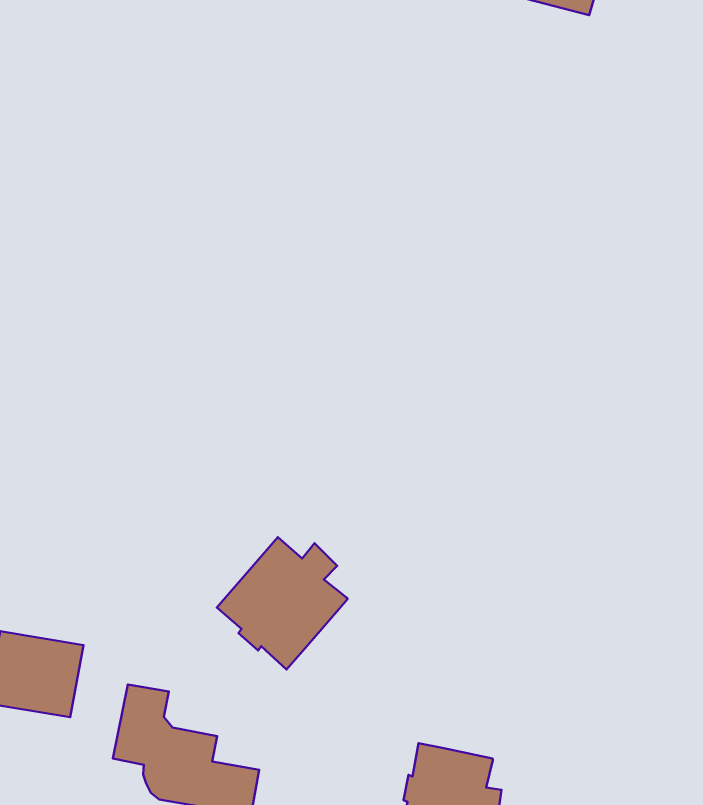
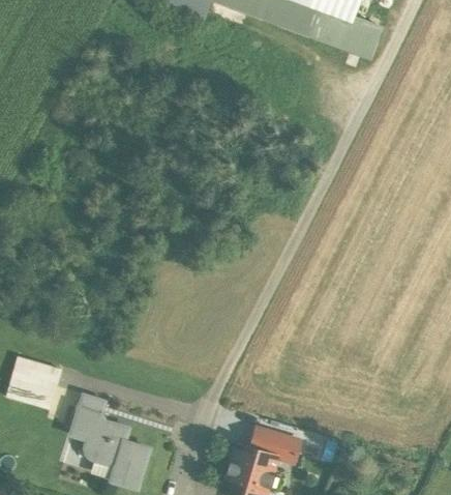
building: [217,537,347,669] -> none
building: none -> [250,427,300,461]

